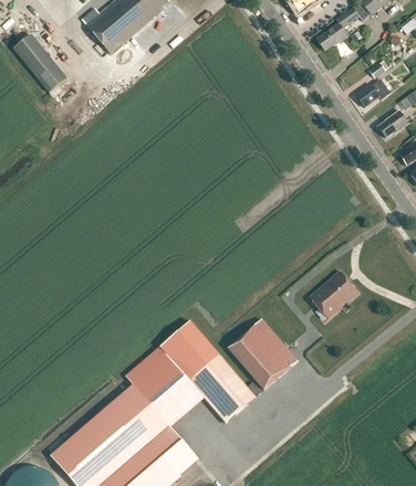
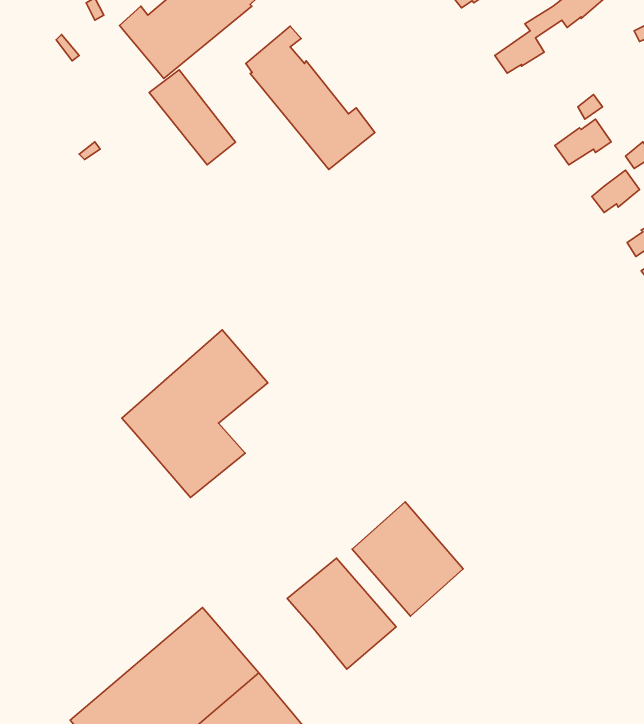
building: none -> [246,26,375,170]
building: [13,38,67,97] -> [149,70,235,165]
building: [310,271,358,316] -> none
building: [126,320,218,425] -> [122,330,268,497]

